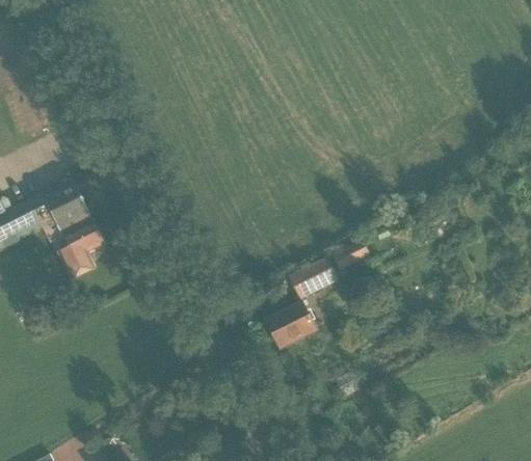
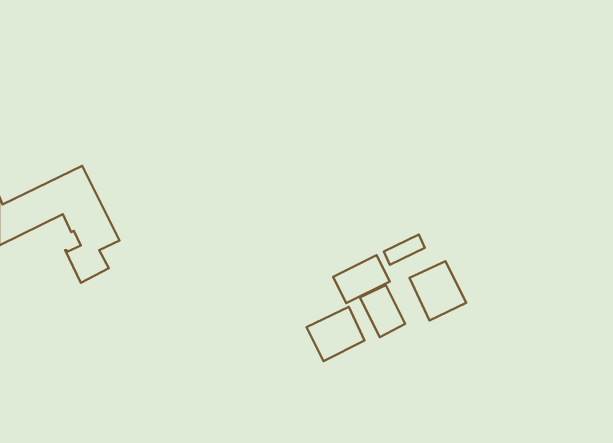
building: none -> [410,261,466,320]
building: none -> [360,285,405,337]

